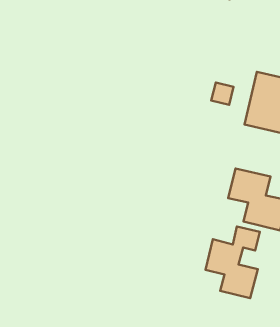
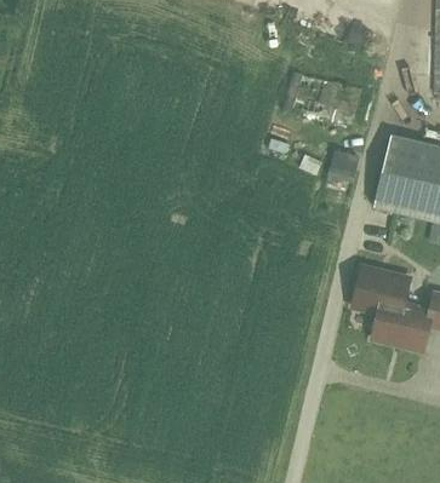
building: [205,226,260,298] -> none

